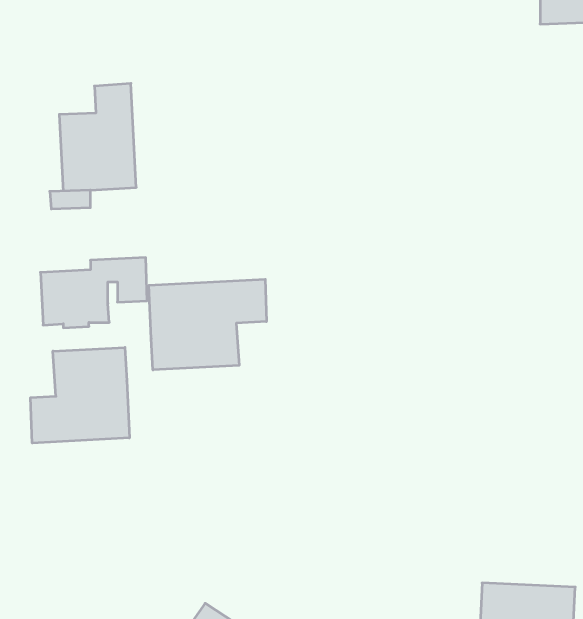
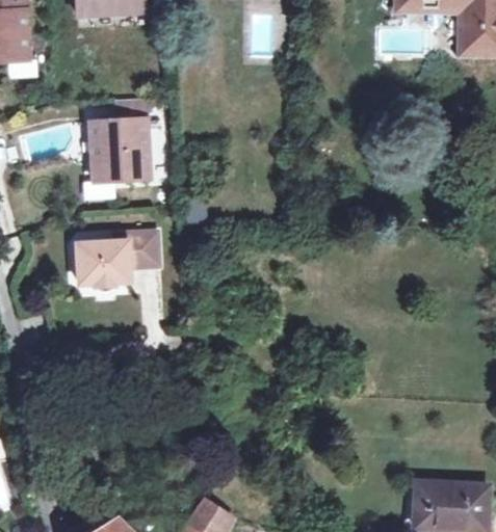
building: [149,279,266,370] -> none
building: [31,347,129,443] -> none

